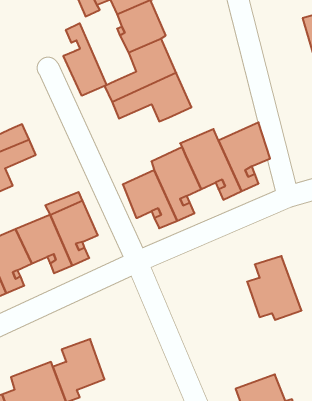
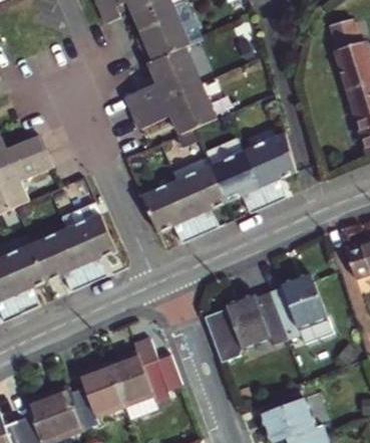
building: [63,23,106,96] -> none
building: none -> [204,293,286,360]
building: none -> [108,337,181,417]

